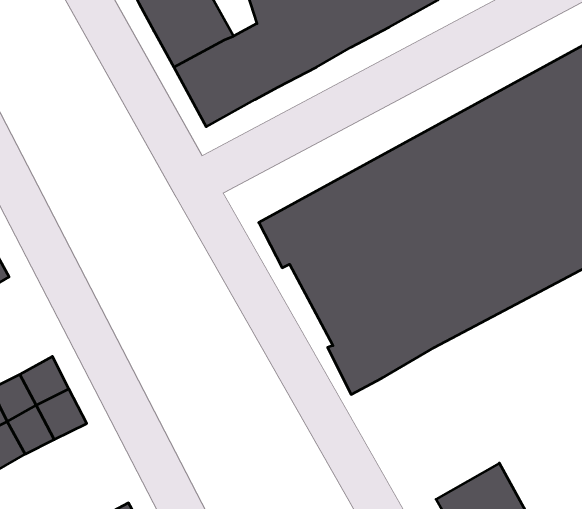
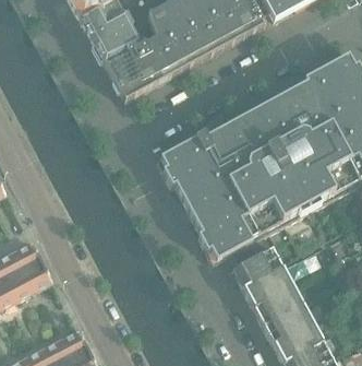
building: none -> [231,234,302,326]

